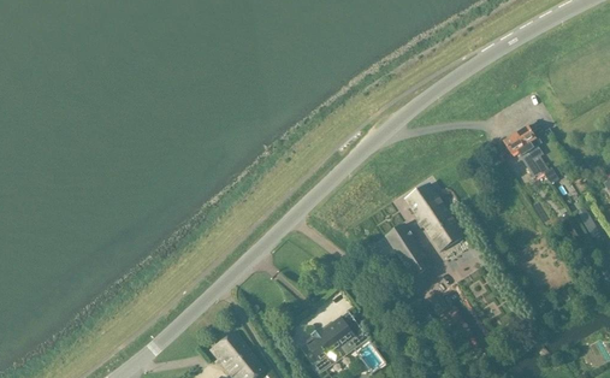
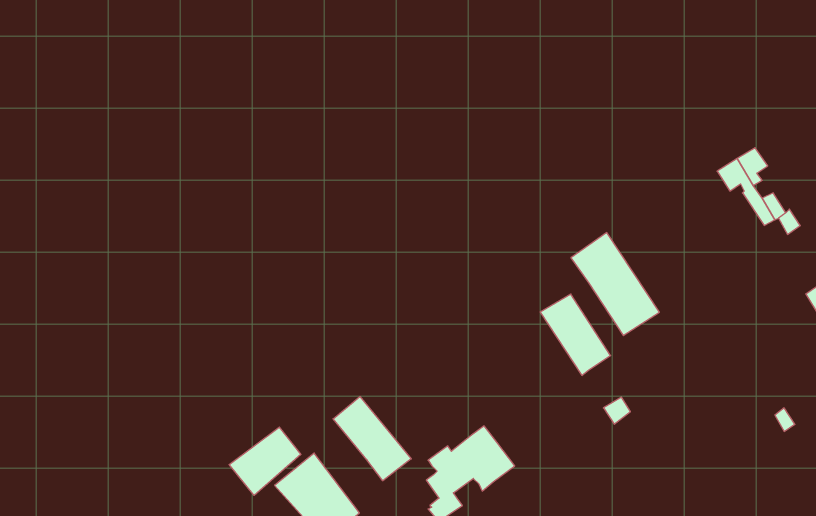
building: none -> [333,396,411,481]
building: none -> [229,427,301,495]

